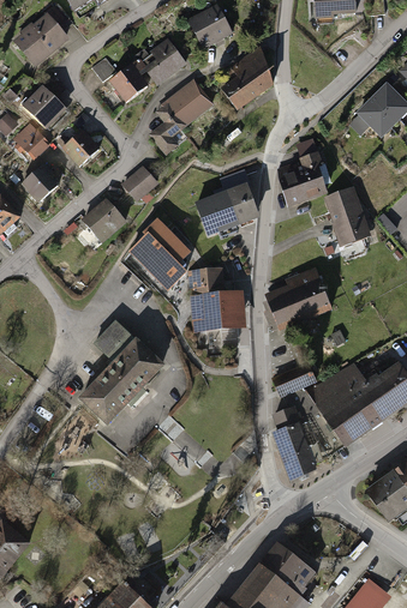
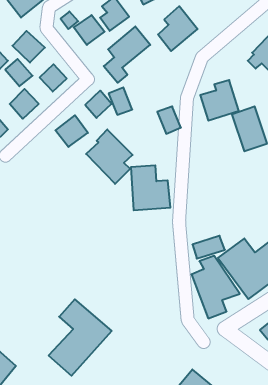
building: [203,193,235,230] -> [109,87,132,115]
building: [258,270,328,327] -> none
building: [80,320,167,425] -> [49,299,112,376]

